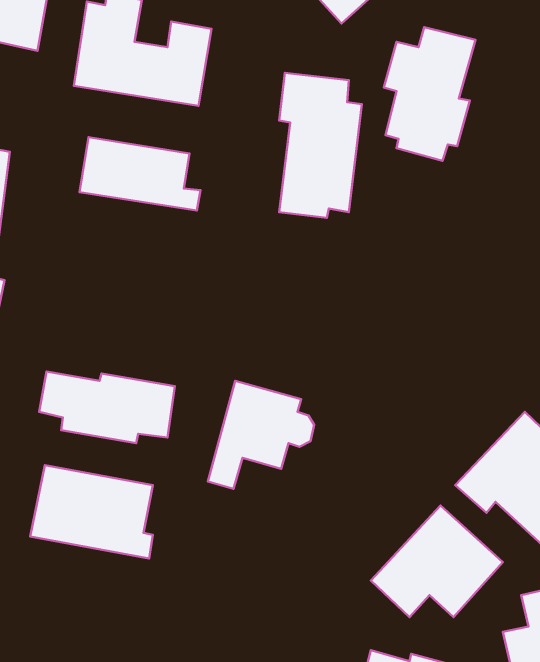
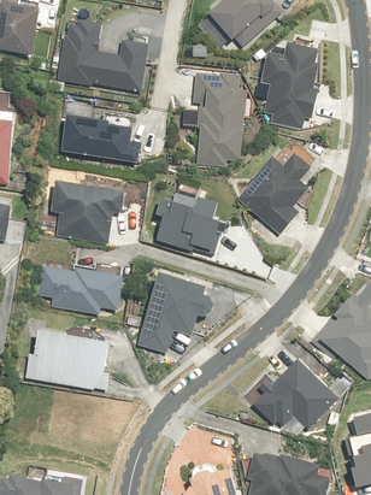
building: none -> [237,149,313,235]
building: none -> [51,178,125,244]
building: none -> [155,185,220,255]

